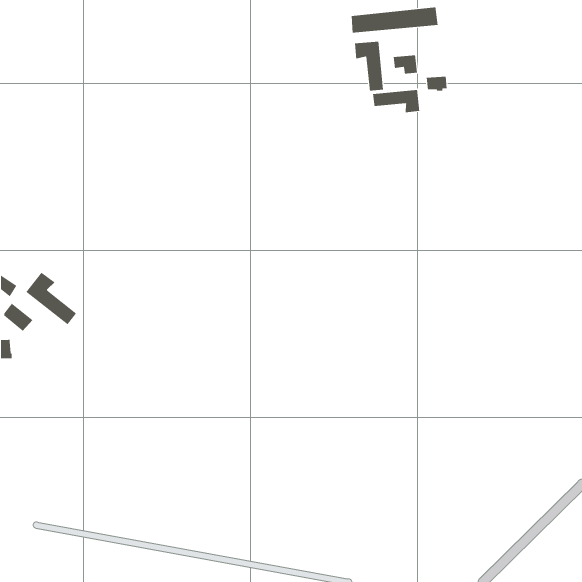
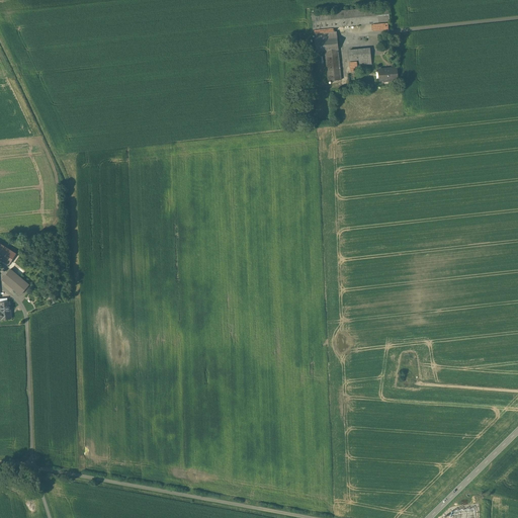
building: [373,89,420,113] -> none
building: [26,272,77,325] -> none

